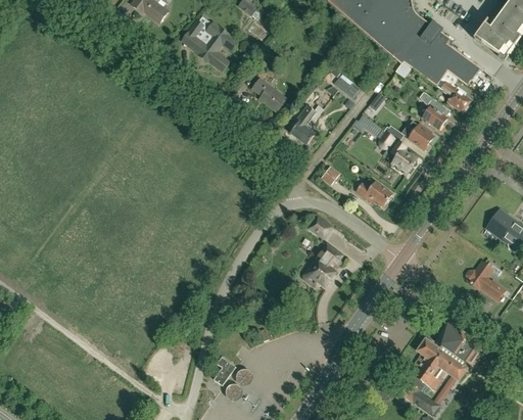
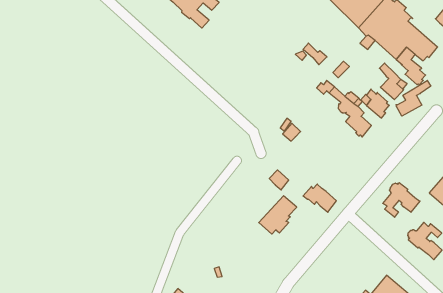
building: [248,75,288,112] -> none
building: [291,105,324,145] -> none
building: none -> [396,80,431,116]
building: [355,178,392,207] -> [303,184,336,212]
building: none -> [383,183,420,217]

